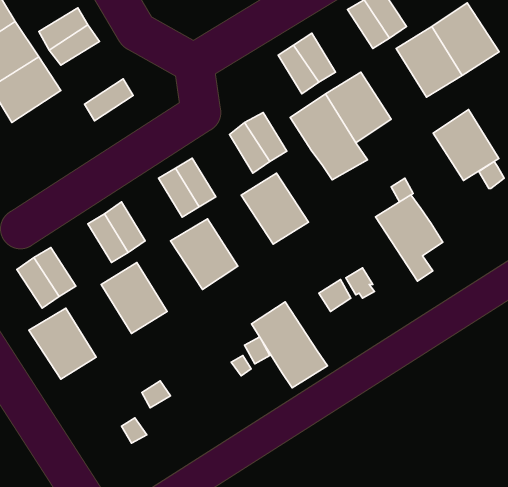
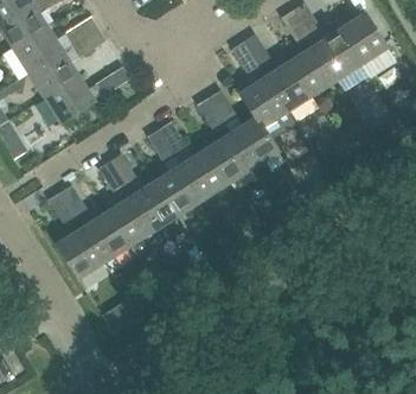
building: none -> [44,75,95,122]
building: [433,110,499,180] -> [289,45,335,95]
building: [375,195,443,281] -> [230,117,277,178]
building: none -> [181,148,228,198]
building: none -> [82,211,128,262]
building: [252,302,327,388] -> [132,180,185,241]

